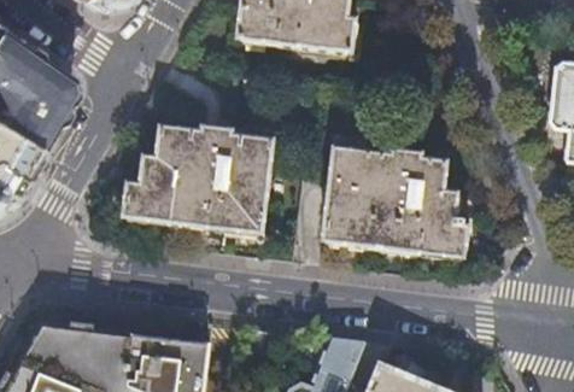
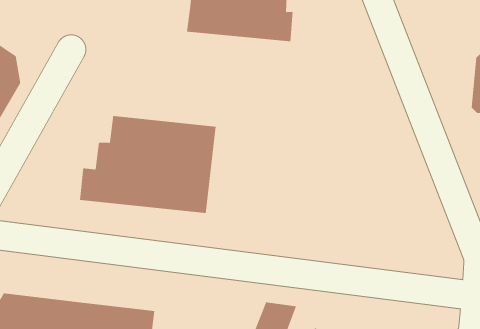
building: [324,151,469,258] -> none

